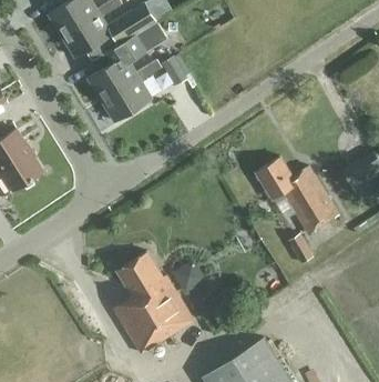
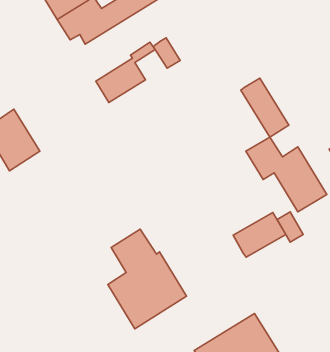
building: [88,23,164,100] -> none
building: none -> [241,78,289,137]
building: none -> [233,213,286,257]

